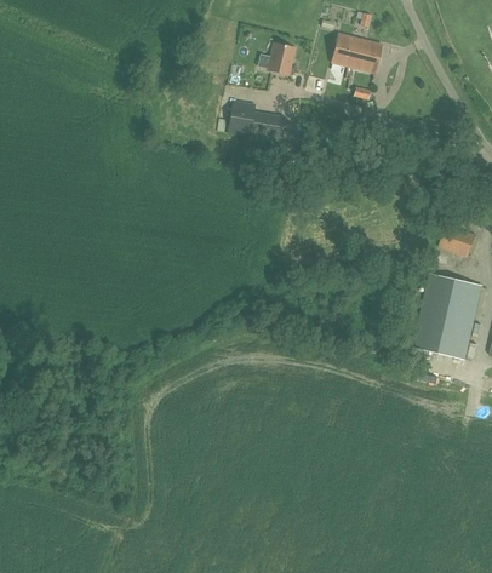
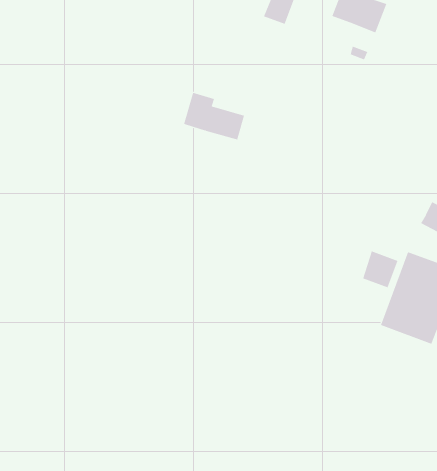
building: [228,99,285,139] -> [183,92,245,140]
building: none -> [363,250,398,288]

